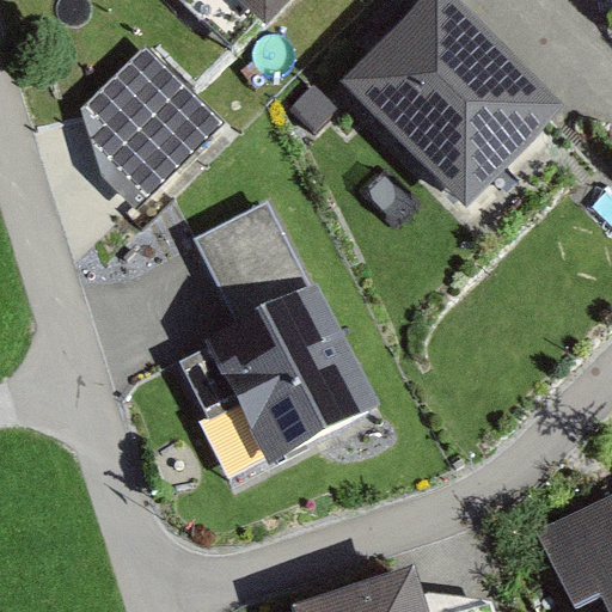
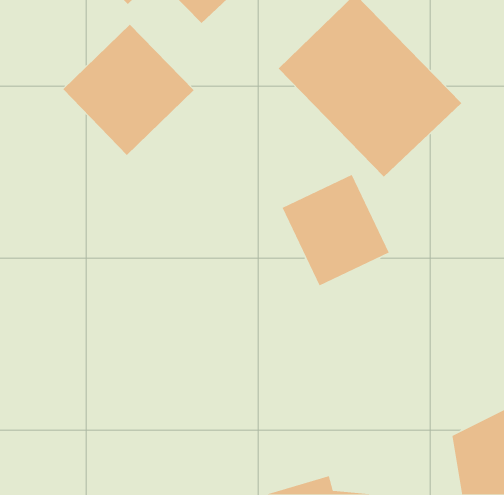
building: [195,207,367,457] -> none
building: none -> [281,174,390,286]

